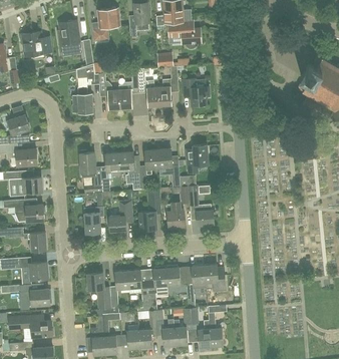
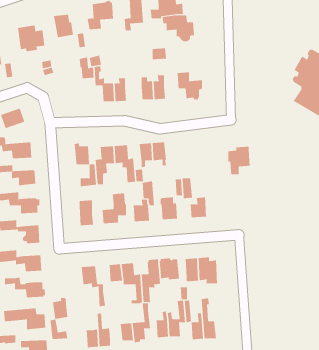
building: [72,86,93,112] -> none
building: [185,143,208,172] -> [228,146,251,175]
building: none -> [50,297,68,340]

